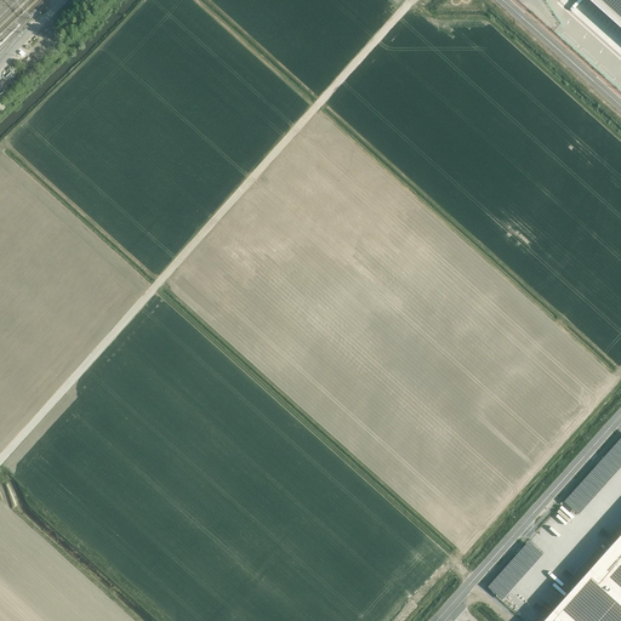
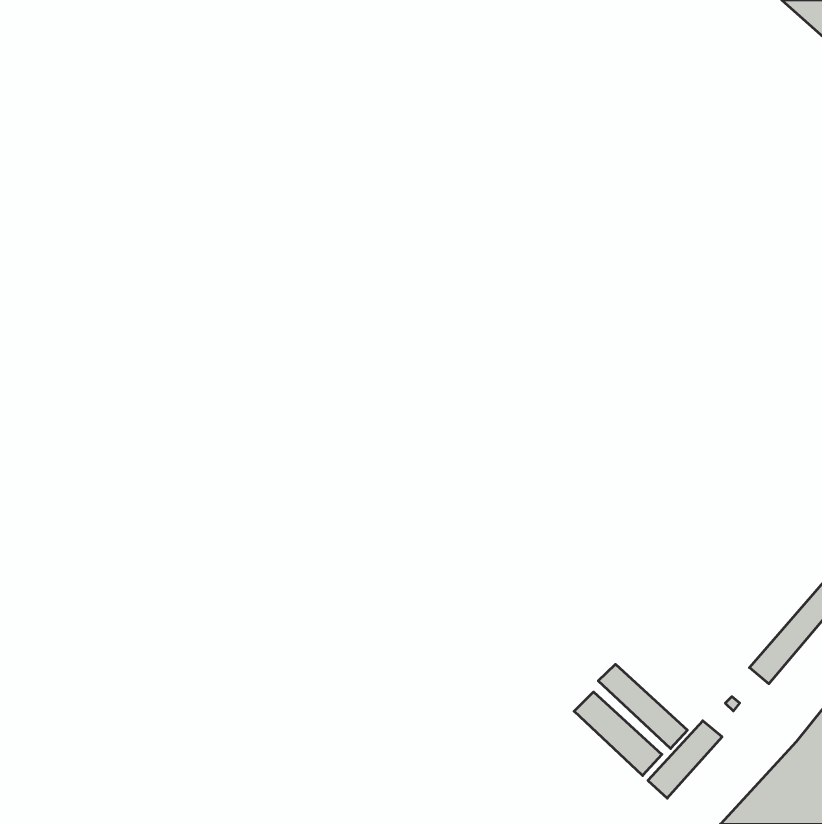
building: none -> [598,664,687,749]
building: none -> [574,692,662,776]

